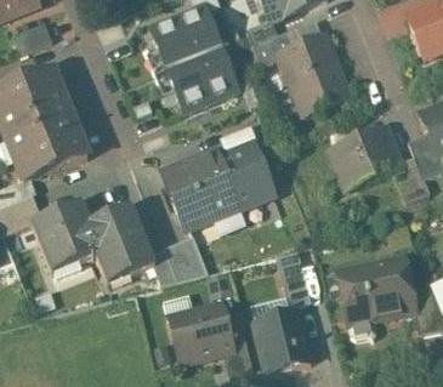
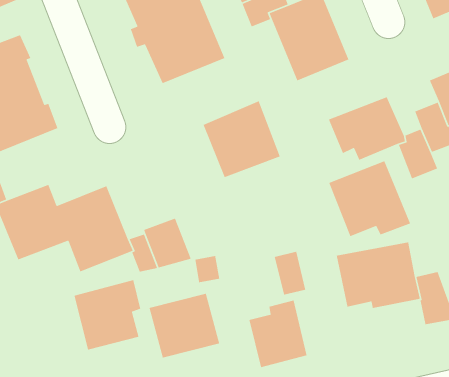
building: [161,149,239,228] -> none
building: none -> [328,160,411,237]
building: none -> [74,279,141,350]
building: [227,318,252,372] -> none

